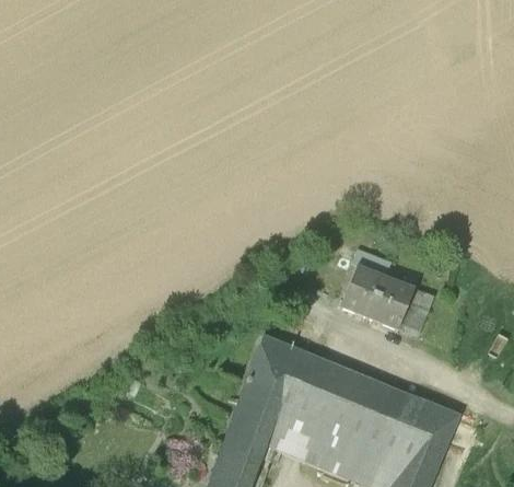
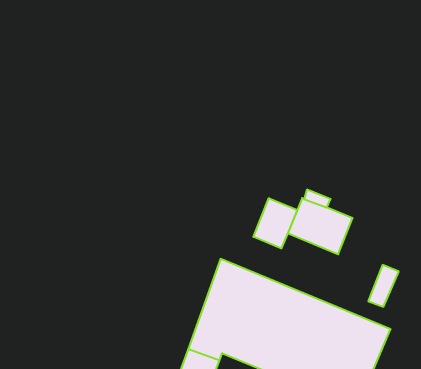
building: none -> [253,198,297,248]
building: [399,288,434,336] -> [368,265,399,307]

